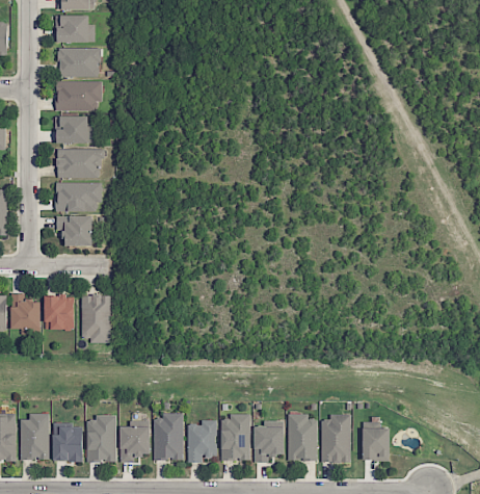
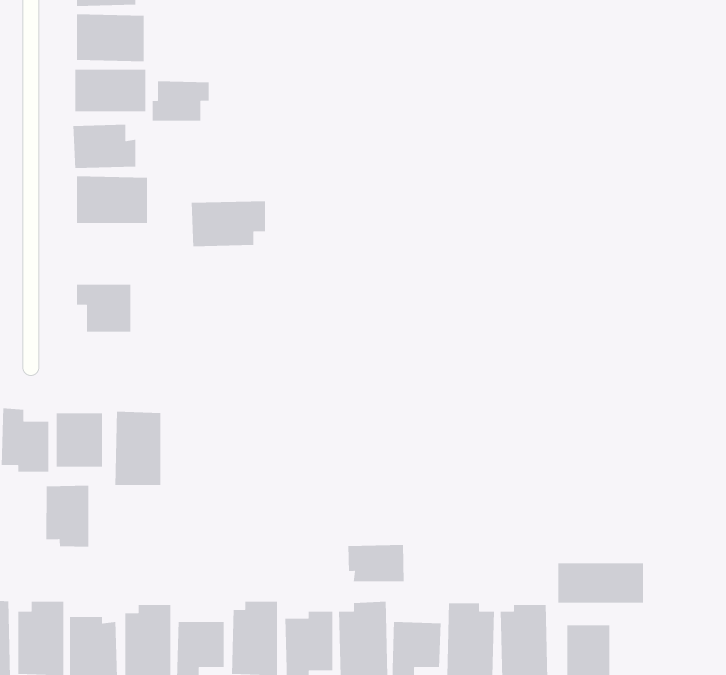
building: none -> [152,80,210,121]
building: [55,182,102,211] -> [191,200,266,247]
building: none -> [45,485,89,547]
building: none -> [347,544,405,582]
building: none -> [557,563,644,604]

